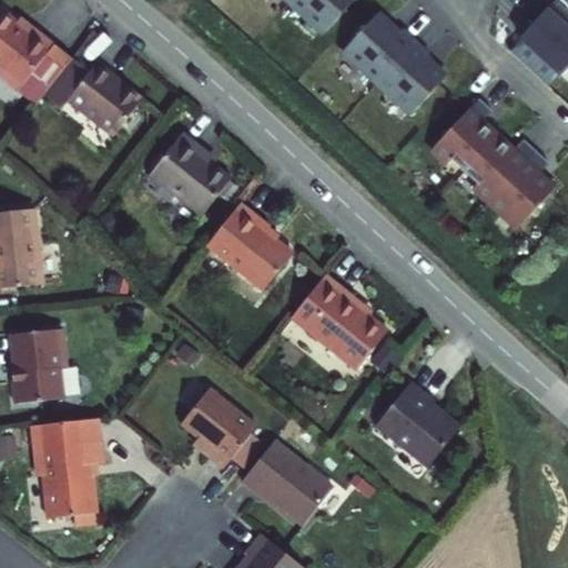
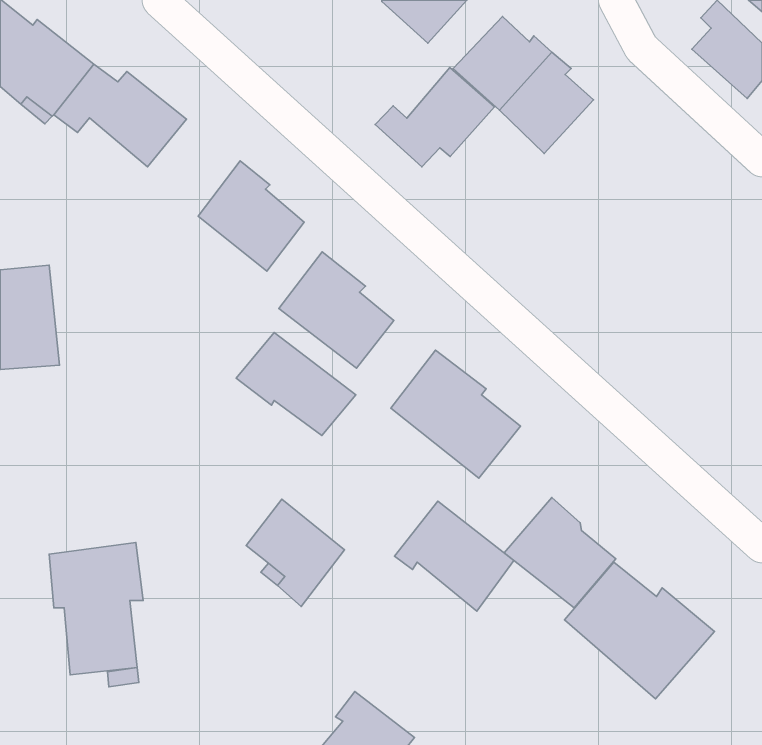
building: none -> [375,67,495,167]
building: [427,110,550,240] -> none
building: none -> [236,333,356,436]
building: [13,326,70,402] -> none
building: none -> [564,562,714,699]
building: [241,436,329,518] -> [395,501,514,611]

